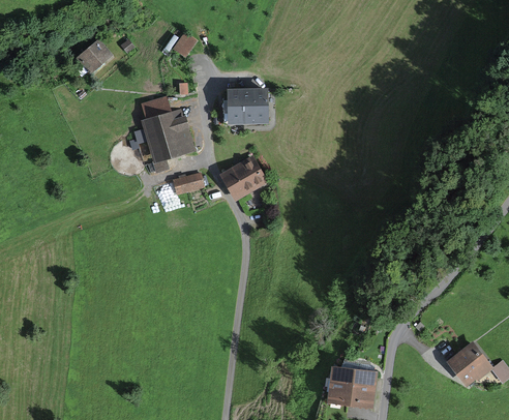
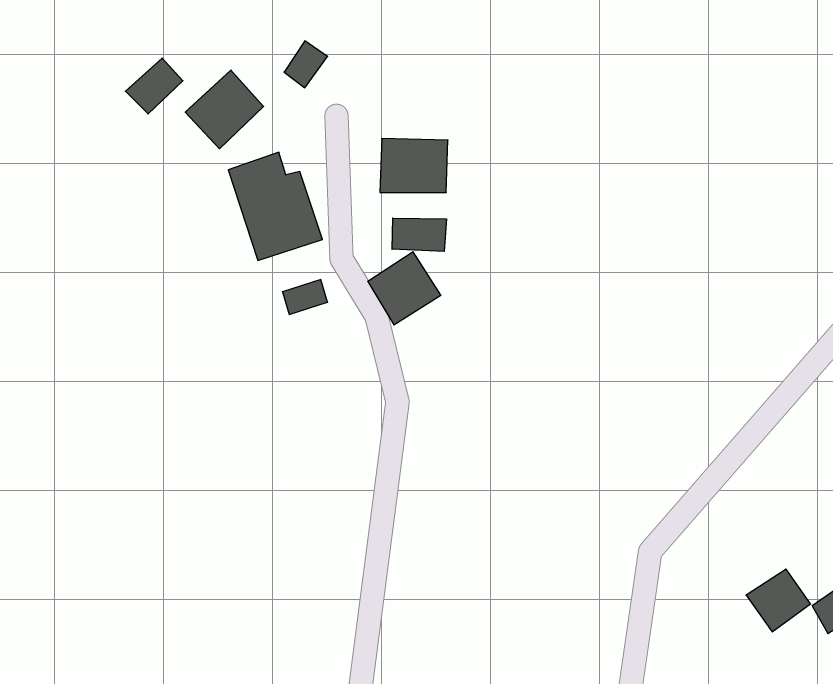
building: none -> [185,70,264,149]
building: none -> [392,218,446,251]
building: [327,365,371,407] -> none

